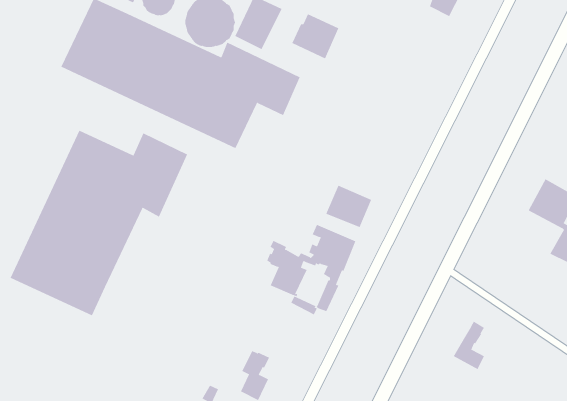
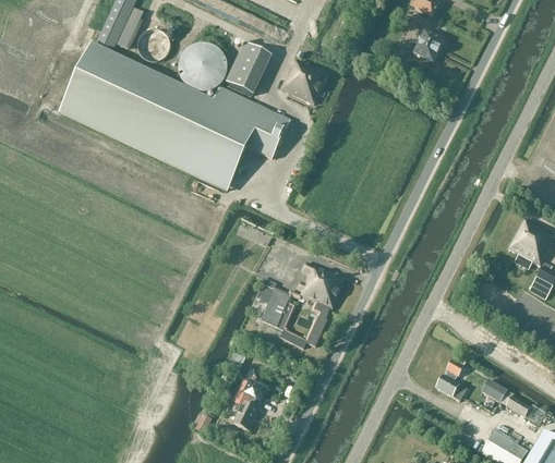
building: [10,130,188,316] -> none
building: [326,185,372,228] -> none
building: none -> [480,377,531,416]

